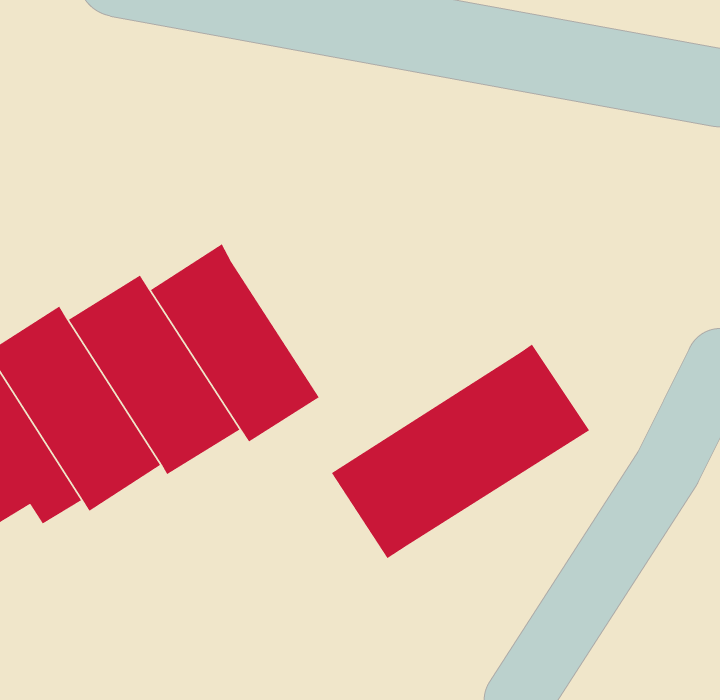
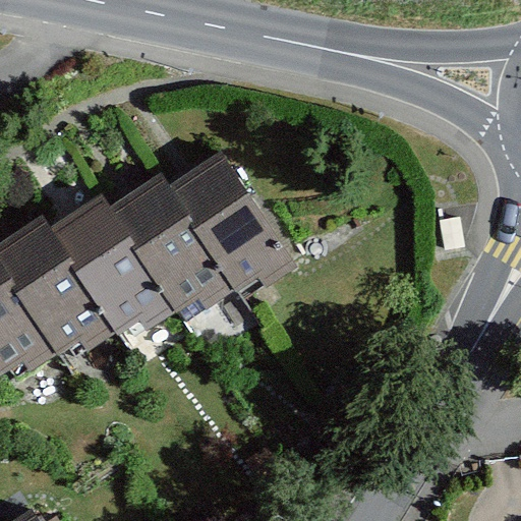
building: none -> [167,154,290,295]
building: [331,343,590,559] -> none

